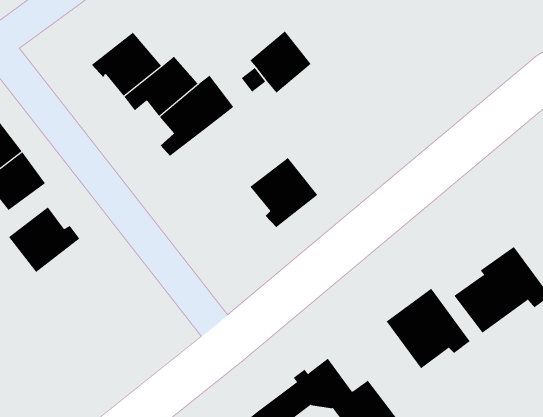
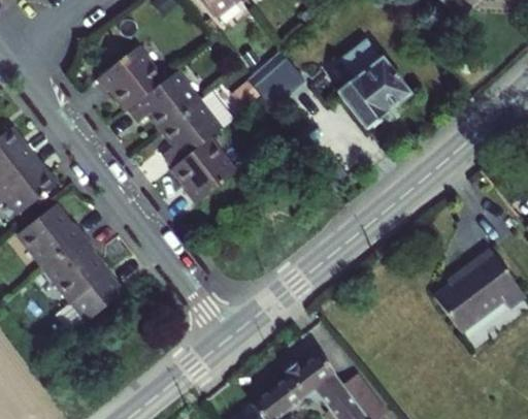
building: none -> [338,40,410,125]
building: [249,157,318,228] -> [171,135,235,201]
building: none -> [46,239,125,324]
building: [386,288,471,369] -> none

